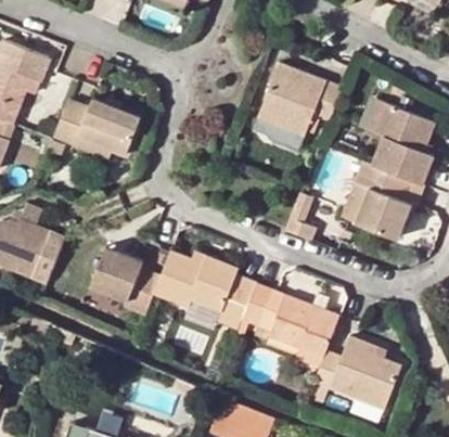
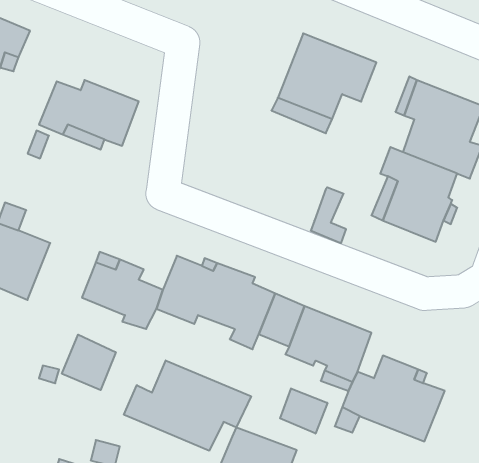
building: none -> [62,335,116,390]
building: none -> [124,360,251,451]
building: none -> [280,388,327,434]

